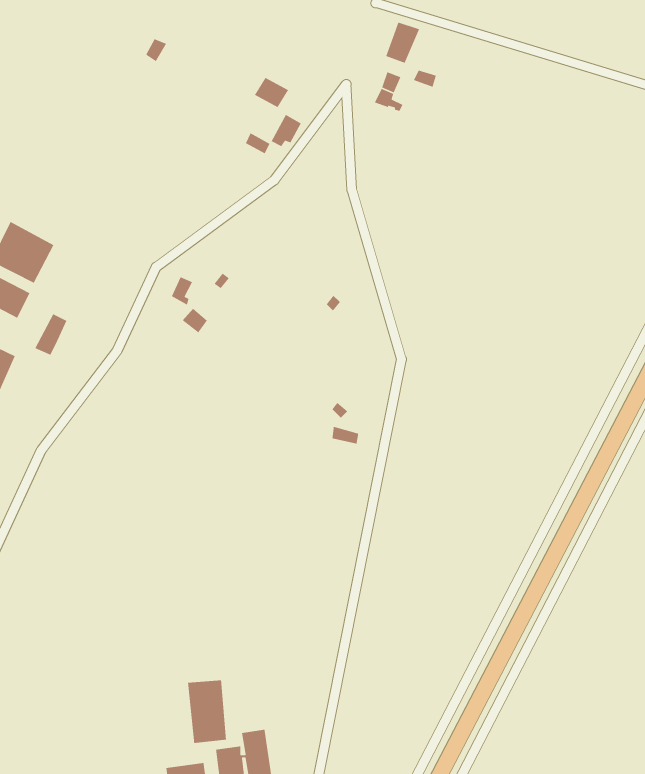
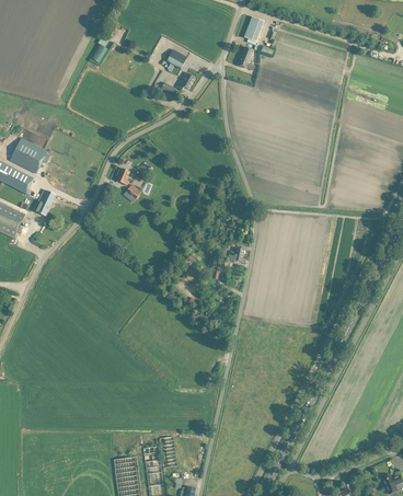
building: [187,679,227,744] -> none

